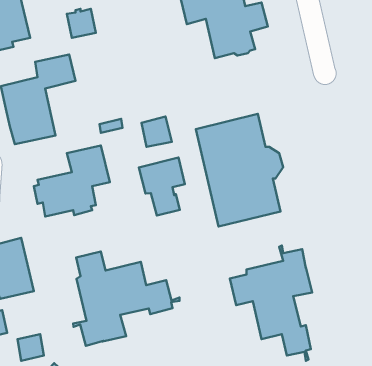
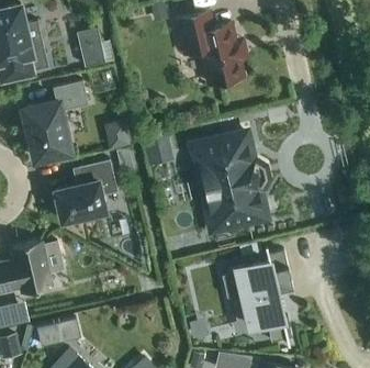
building: [139,158,185,215] -> none
building: [73,252,179,346] -> none

